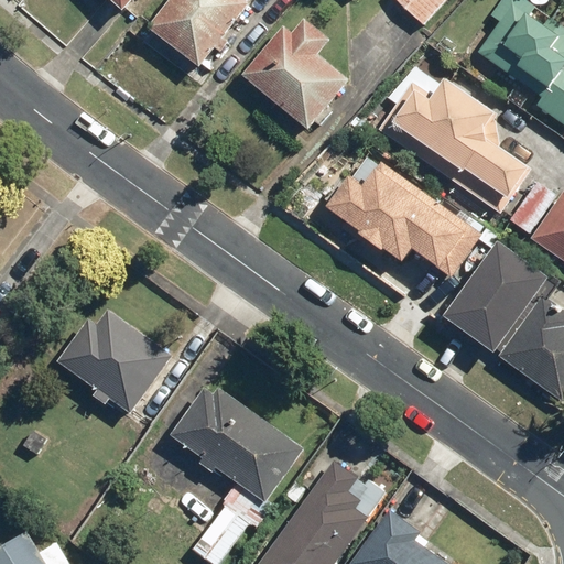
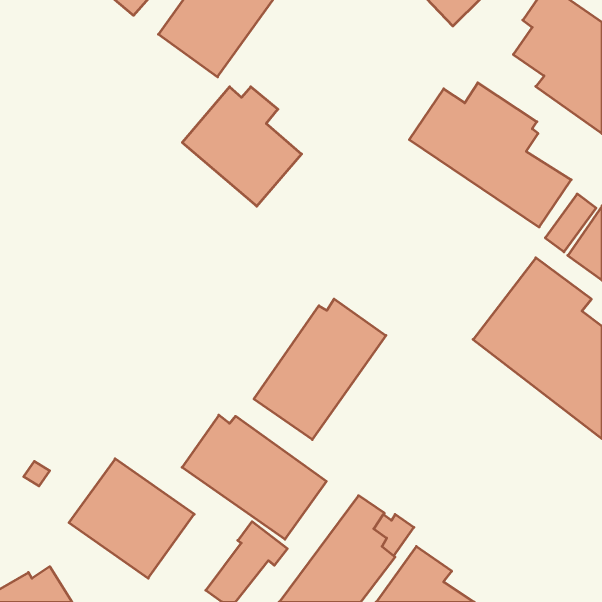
building: [240,18,351,129] -> [182,87,302,206]
building: [326,152,486,281] -> none
building: none -> [254,299,386,440]
building: [56,303,173,414] -> [69,459,194,578]

